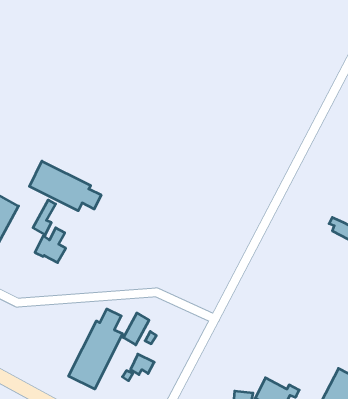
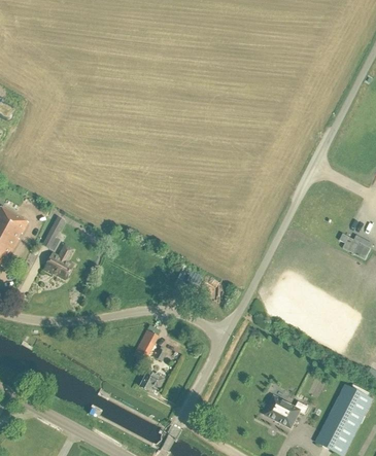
building: [29,161,101,211] -> none
building: [69,309,122,389] -> none

